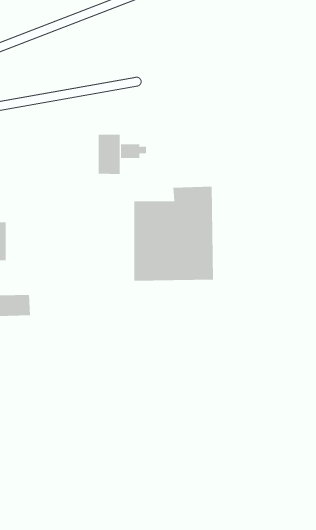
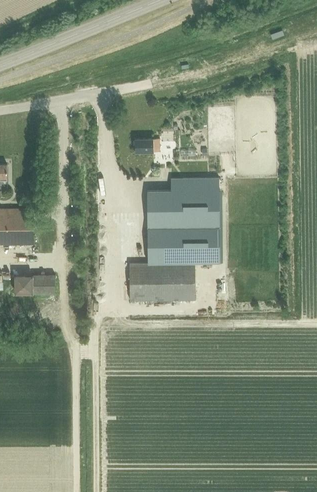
building: [98,134,120,175] -> none
building: none -> [129,264,195,301]

